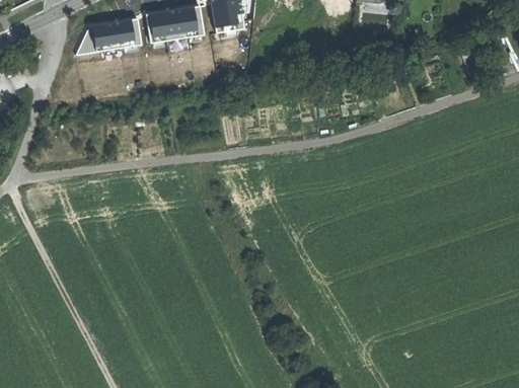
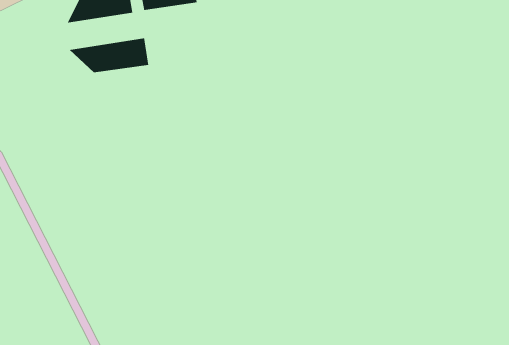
building: none -> [68,38,149,73]

